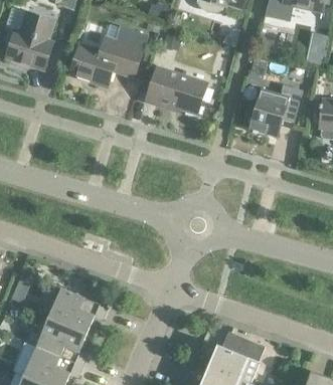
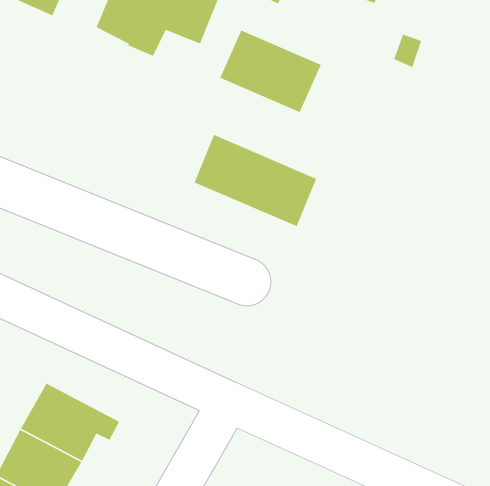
building: [249,84,302,136] -> none
building: none -> [193,134,317,227]

